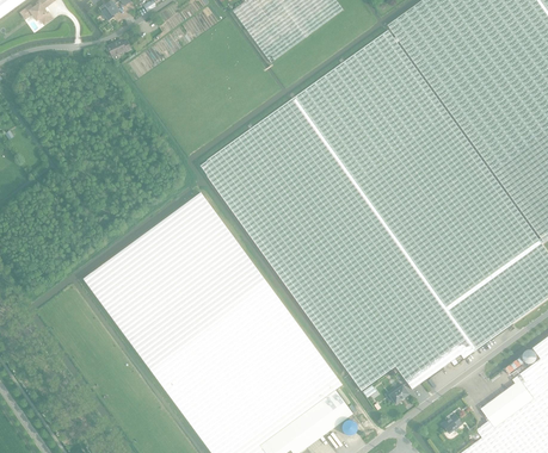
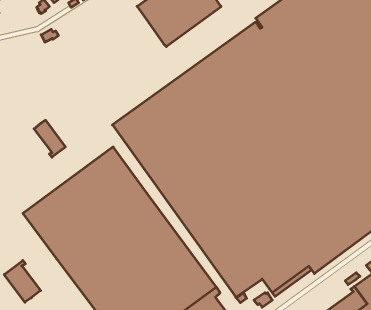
building: none -> [34,120,65,157]
building: none -> [4,260,41,302]

